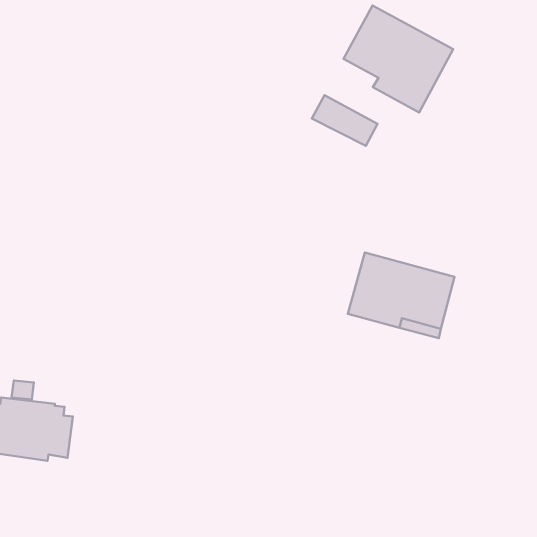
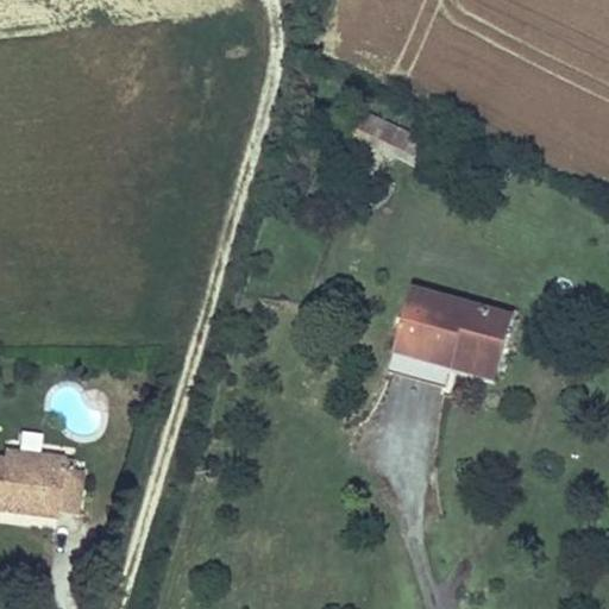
building: [343,5,453,113] -> none

